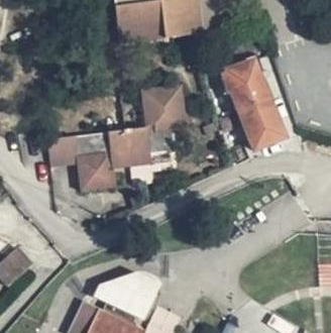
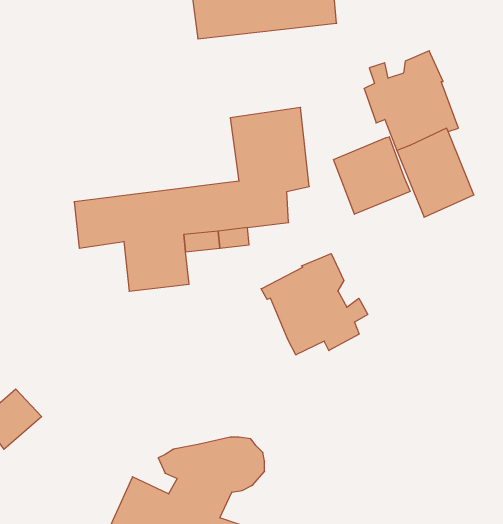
building: none -> [334,137,410,214]
building: none -> [261,254,368,355]

